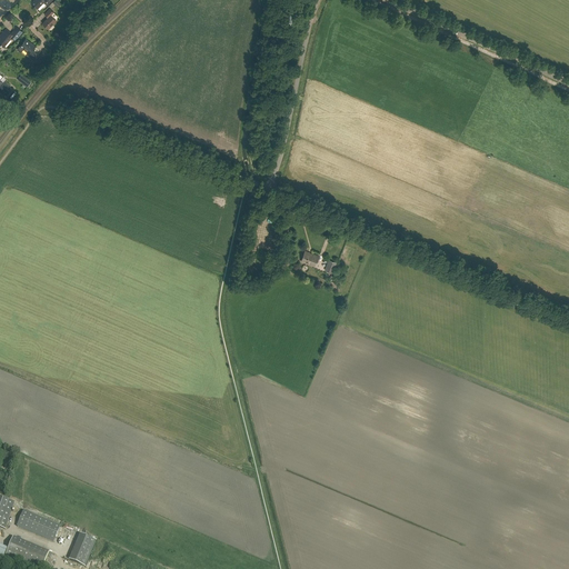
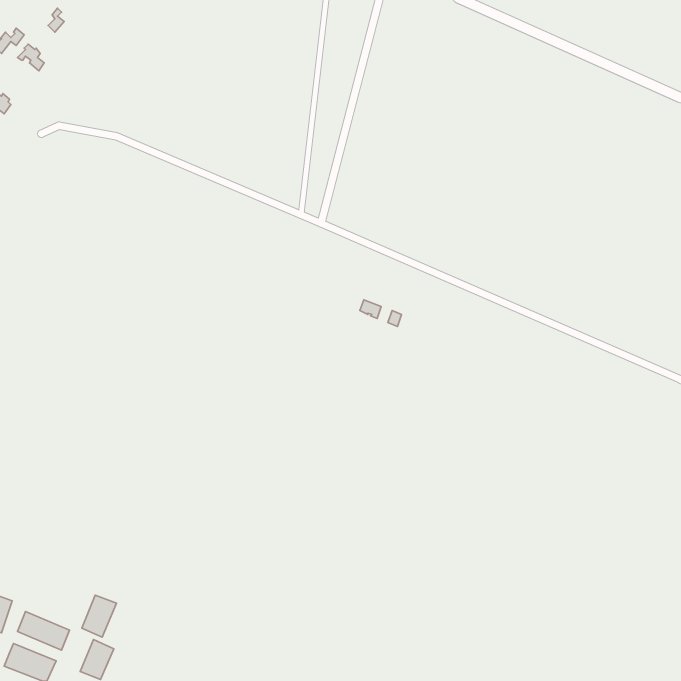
building: none -> [82,595,116,637]

